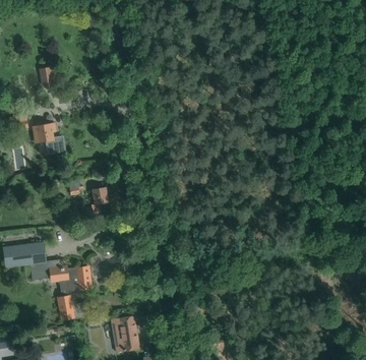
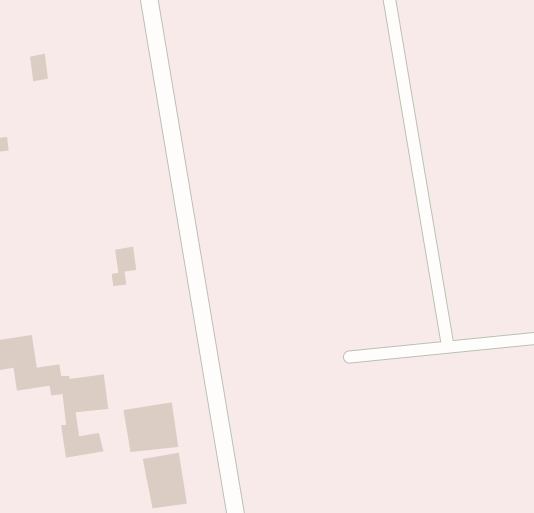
building: [33,122,65,154] -> none
building: none -> [123,402,179,453]

